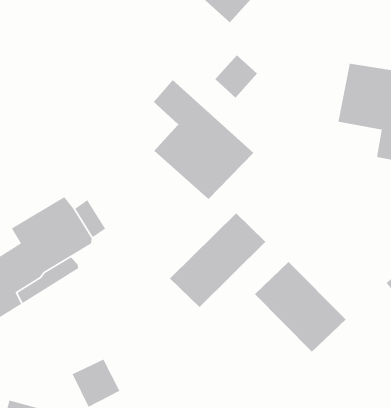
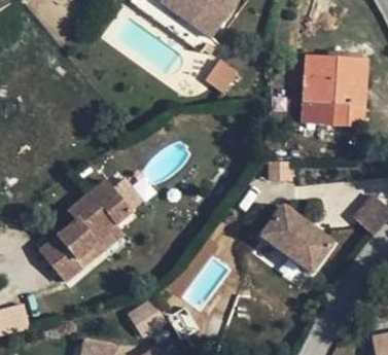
building: [153,79,254,200] -> none
building: [169,213,266,308] -> none

